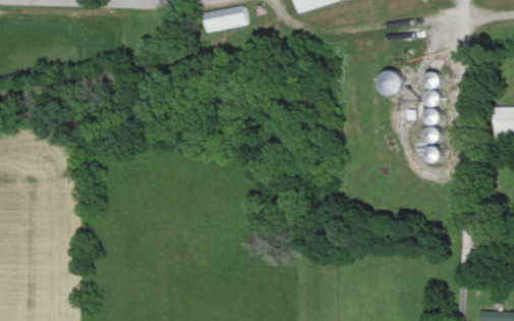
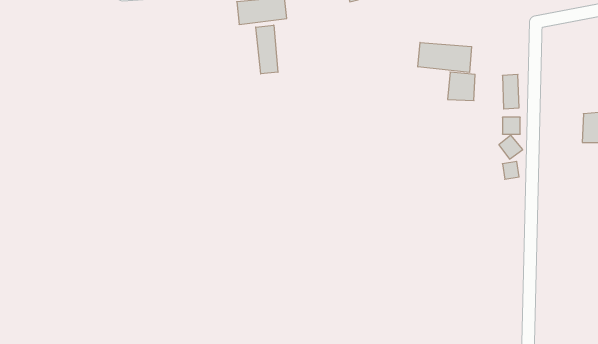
building: none -> [256,25,278,74]
building: none -> [418,42,472,72]

